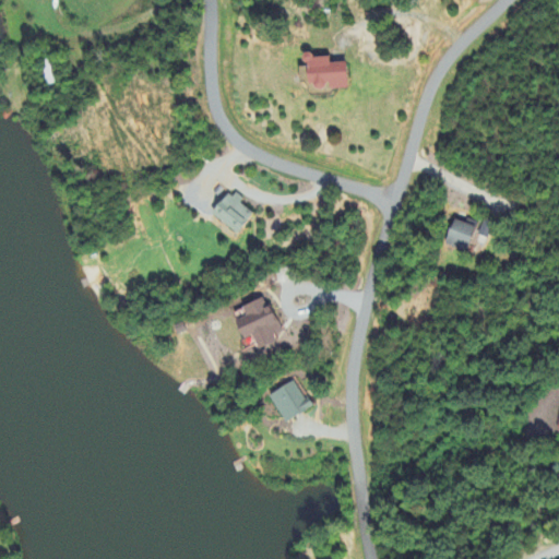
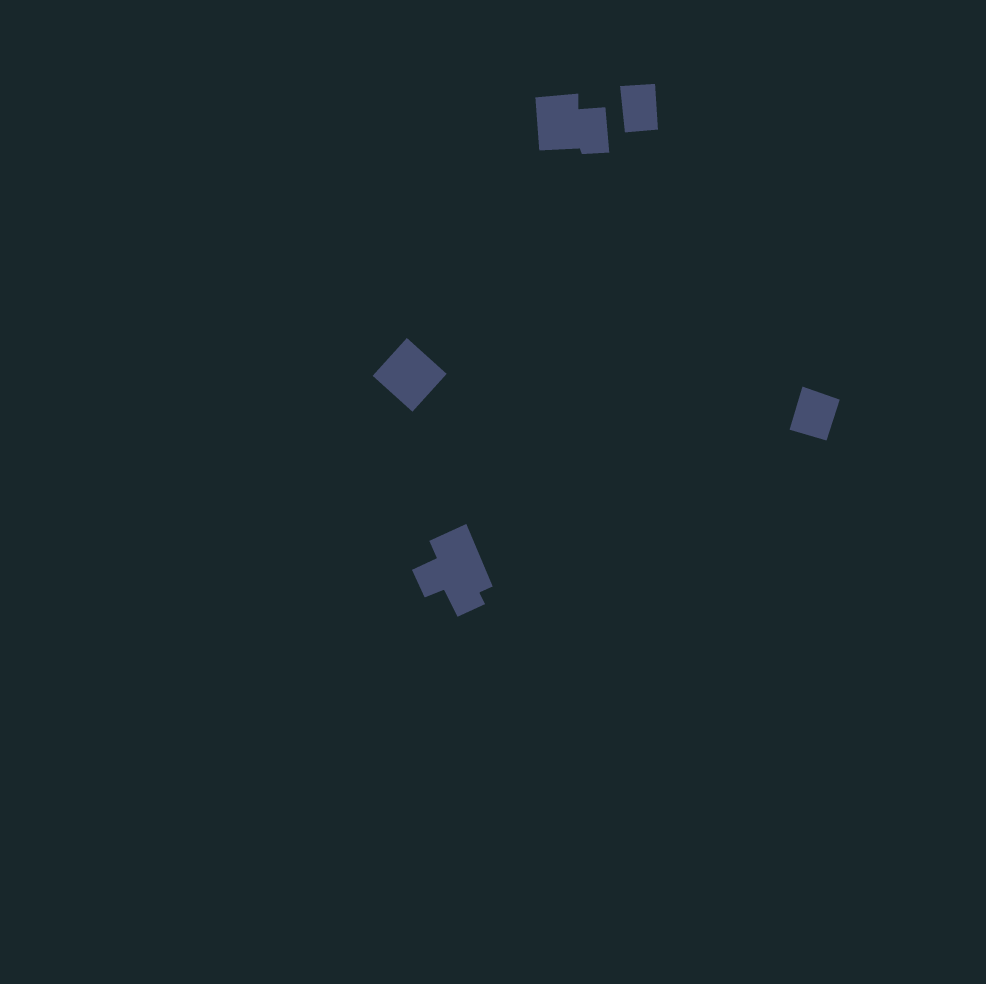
building: none -> [619,83,659,133]
building: [270,379,312,421] -> none

